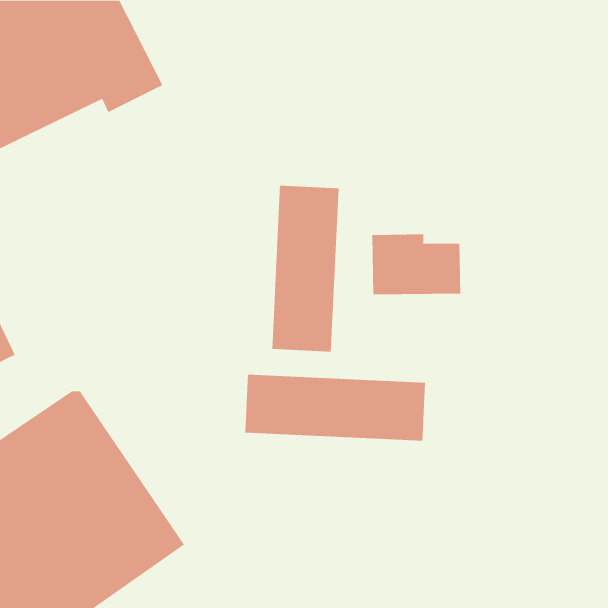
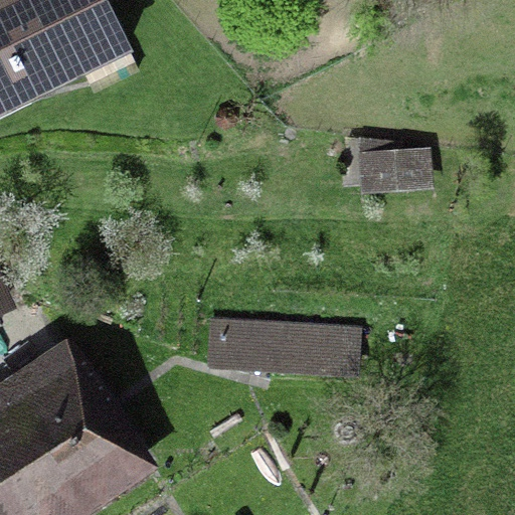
building: [272,185,339,353] -> none
building: [371,234,461,295] -> [355,139,431,190]

